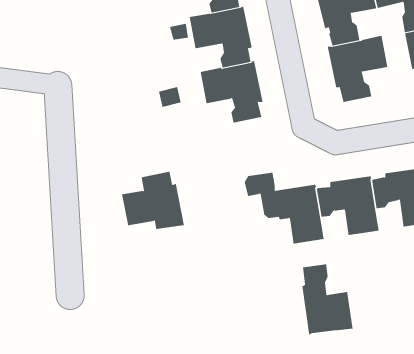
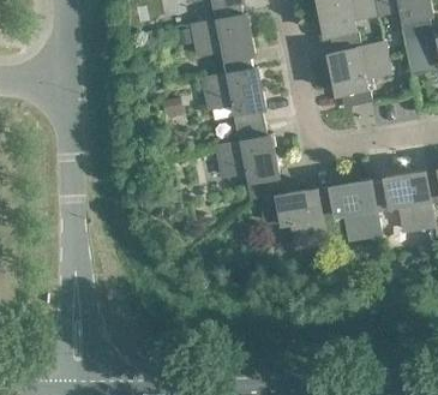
building: [121,171,185,230] -> [216,122,278,180]
building: [302,264,353,336] -> none

